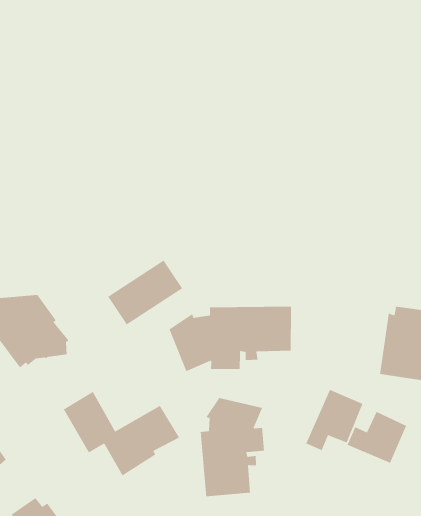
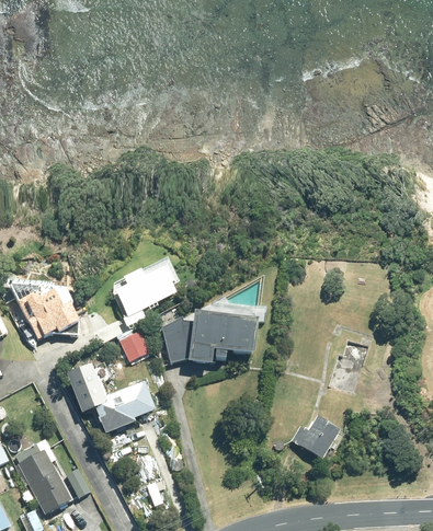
building: none -> [117,328,149,359]
building: [305,389,363,451] -> none
building: [200,397,265,497] -> none

